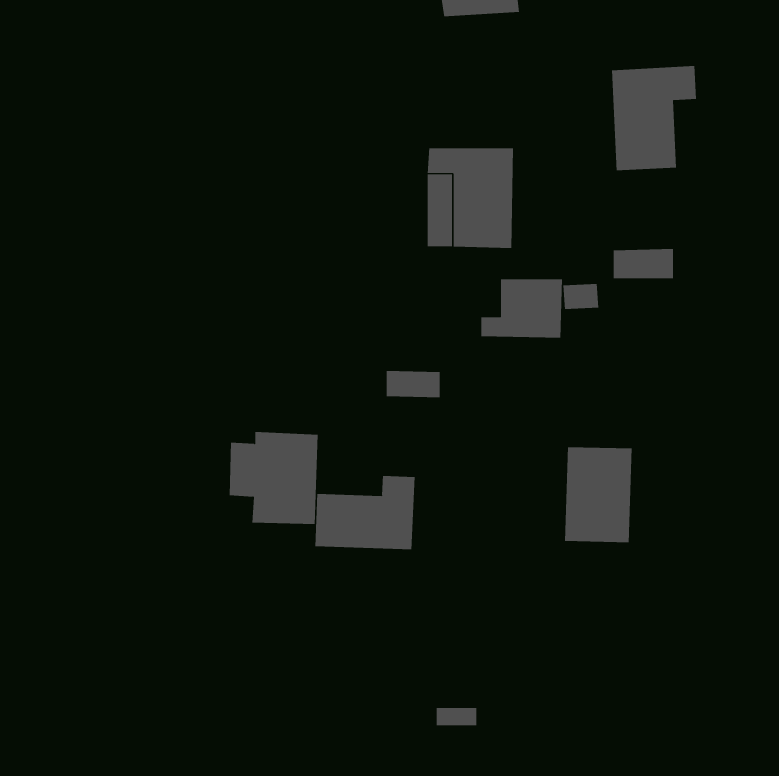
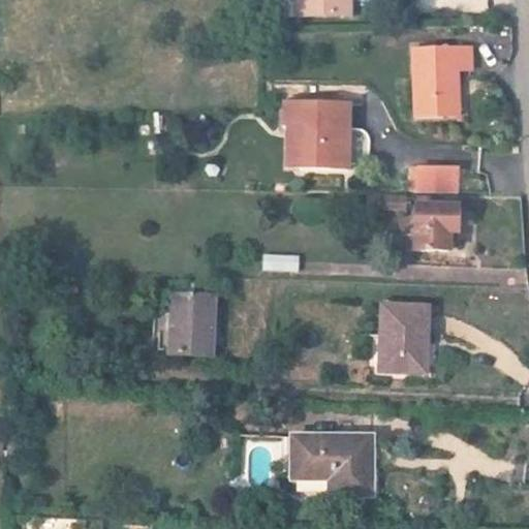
building: [480,279,563,338] -> [402,201,458,242]
building: [315,475,415,550] -> none
building: none -> [294,434,372,490]

